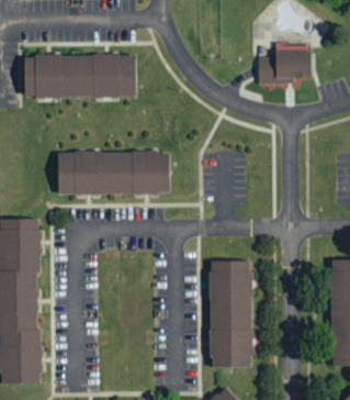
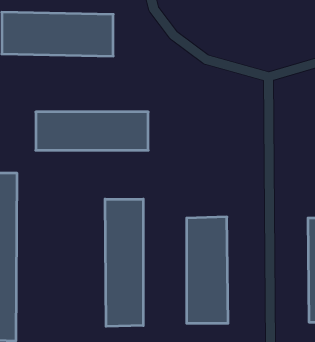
building: [259,51,312,84] -> none
building: none -> [105,199,143,326]

